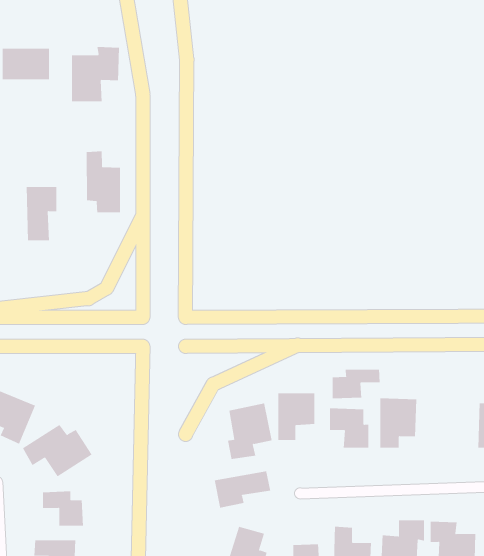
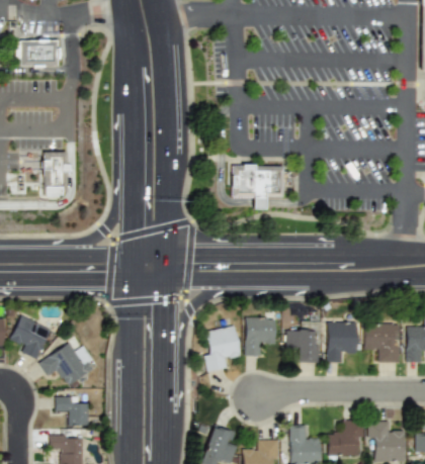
building: [71,46,120,102] -> none
building: [86,150,121,213] -> none
building: none -> [233,168,283,211]
building: [332,369,380,399] -> none
building: none -> [364,323,400,362]
building: [214,471,271,508] -> none

